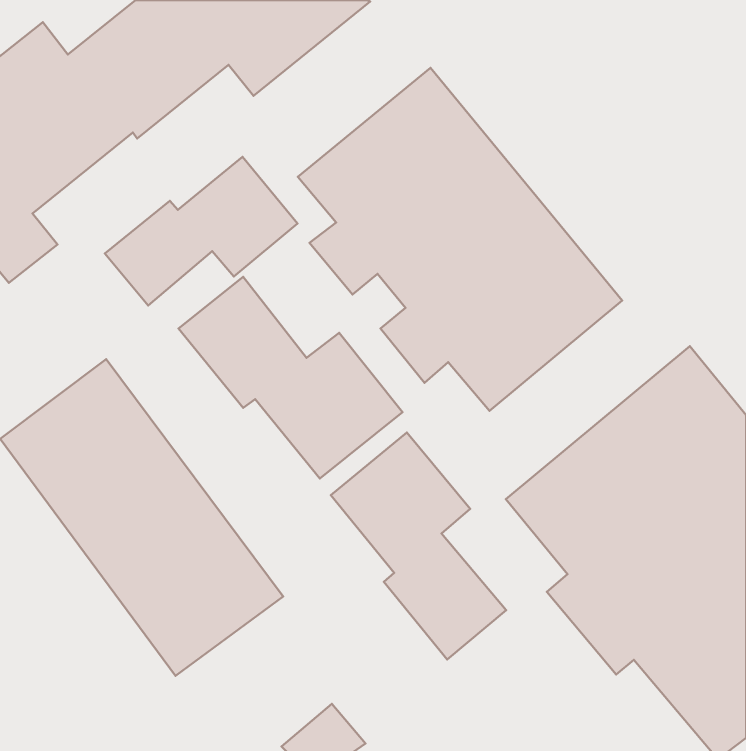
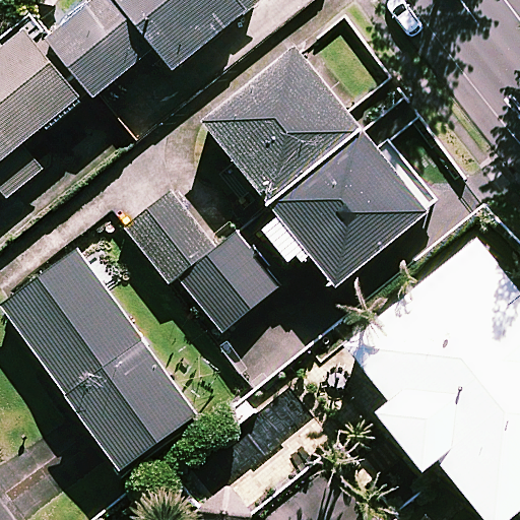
building: [105,157,298,305] -> none
building: [331,433,506,659] -> none

